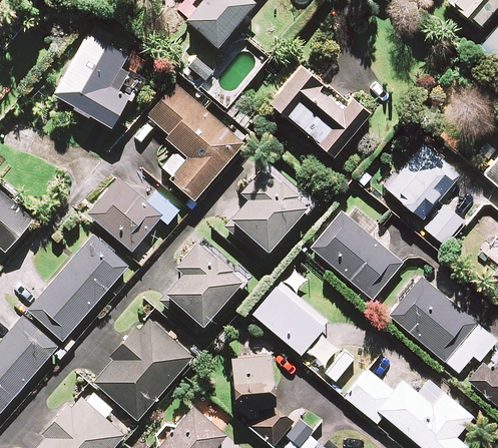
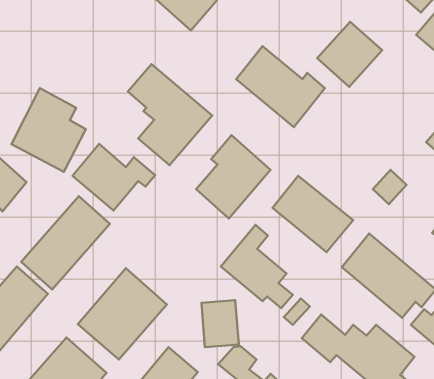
building: [55,34,139,128] -> [11,88,86,172]
building: [386,145,459,218] -> [317,22,382,87]
building: [161,241,245,335] -> none

